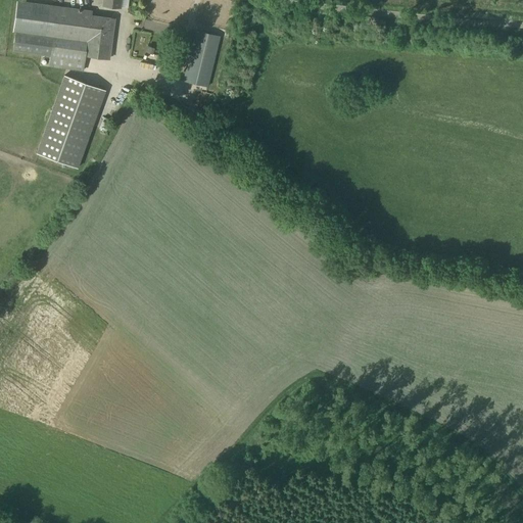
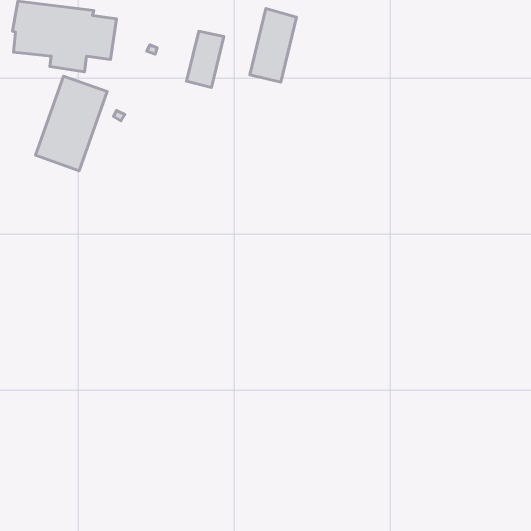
building: none -> [250,9,296,82]

